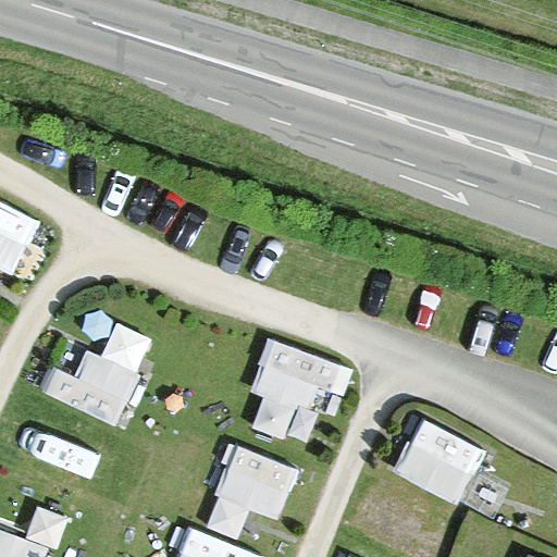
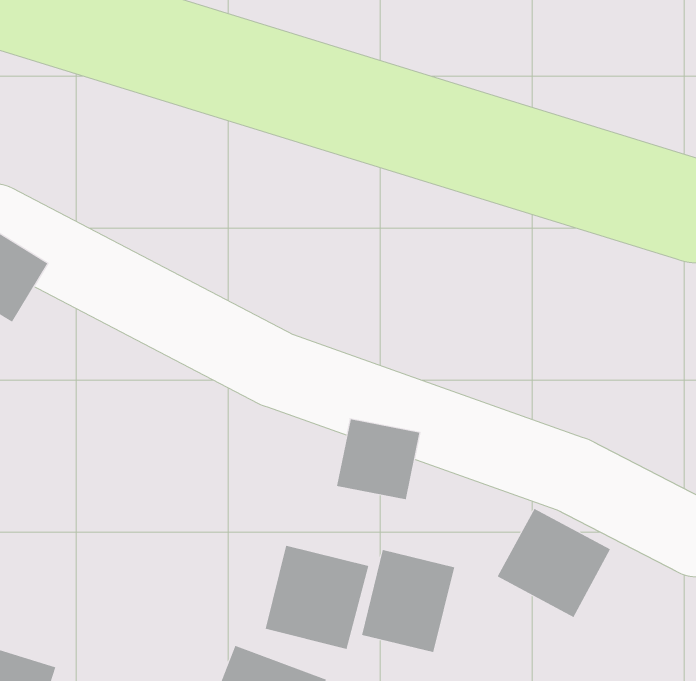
building: [63,318,151,424] -> none
building: none -> [361,549,455,653]

